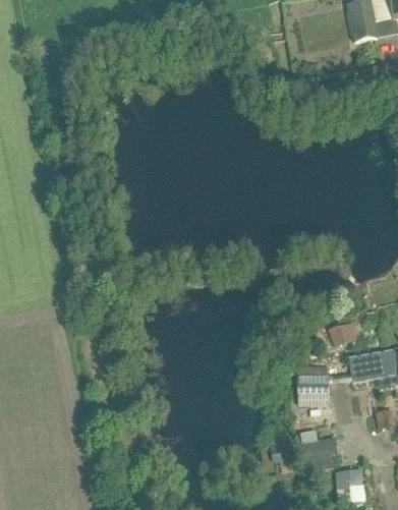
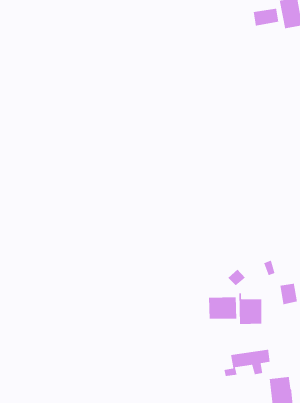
building: none -> [253,8,279,26]
building: none -> [208,296,237,319]

